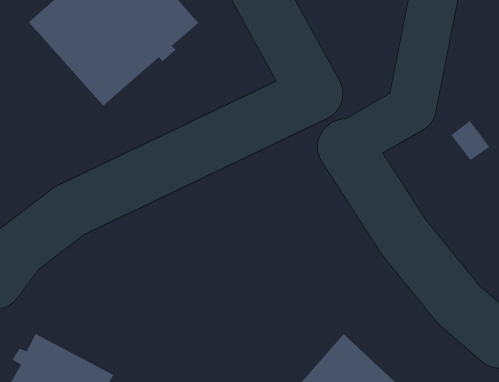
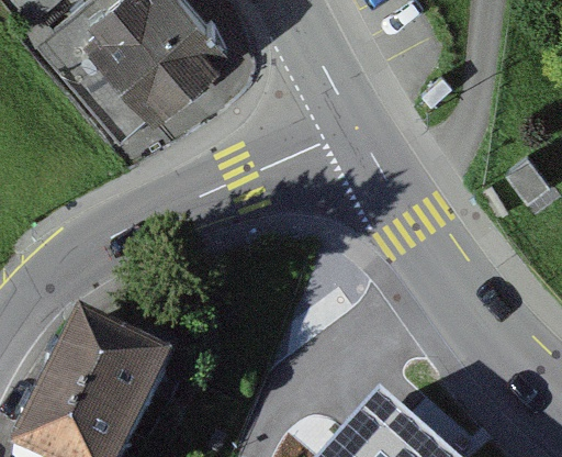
building: none -> [43,328,164,438]

